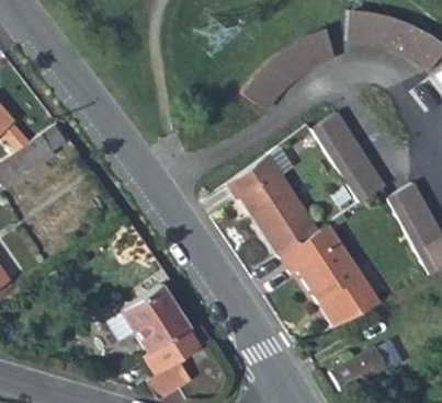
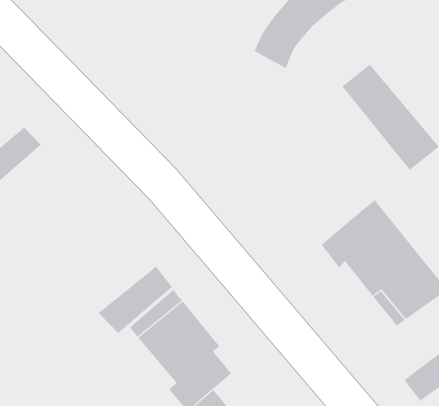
building: [228,152,318,256] -> none
building: none -> [98,266,173,334]

